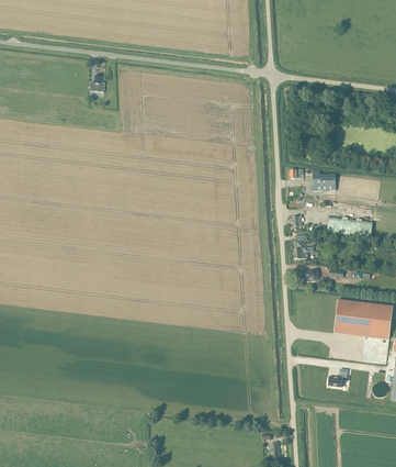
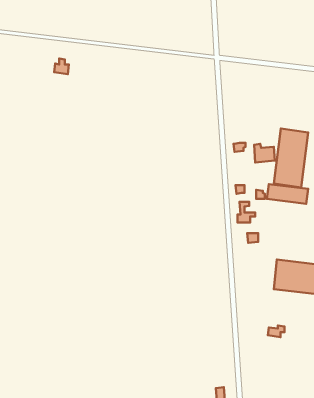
building: none -> [274,128,308,188]

